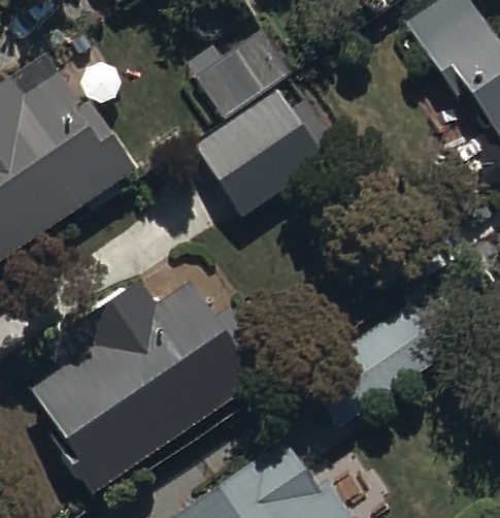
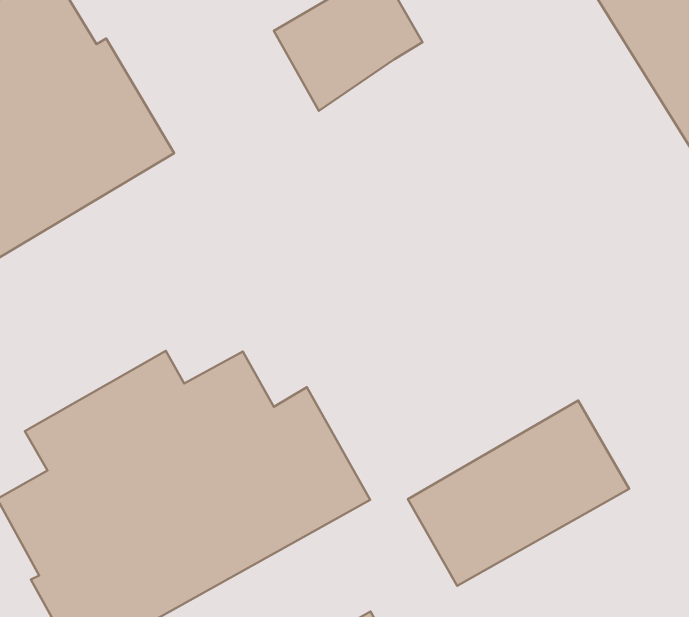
building: [194,87,326,219] -> none

